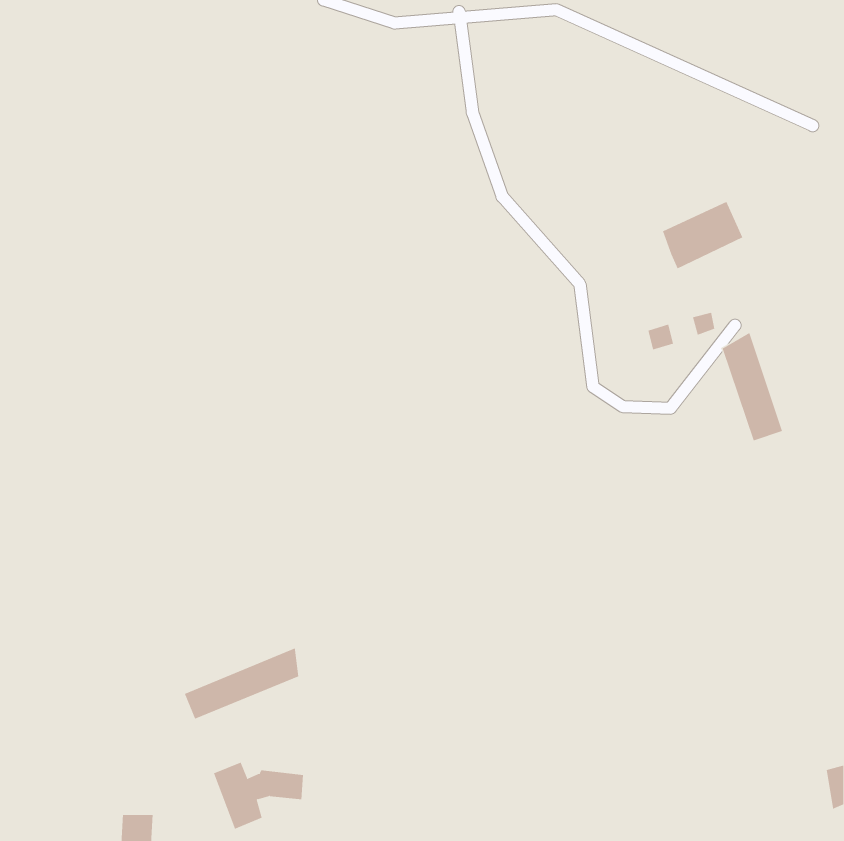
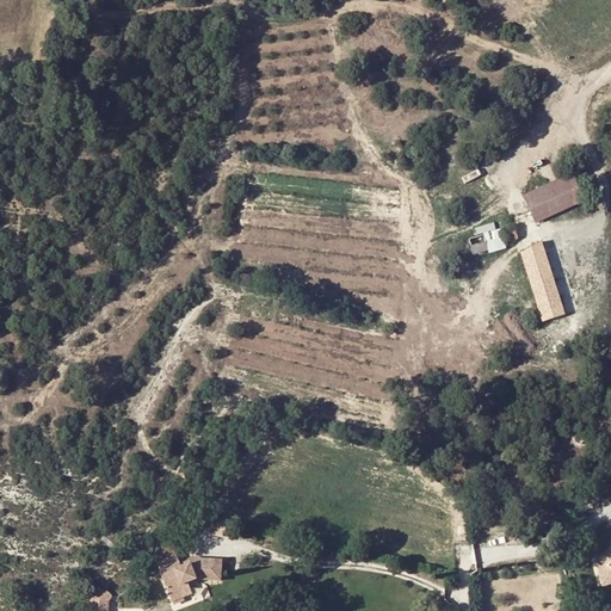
building: [662,201,743,269] -> [524,175,582,224]
building: [184,648,299,719] -> none

